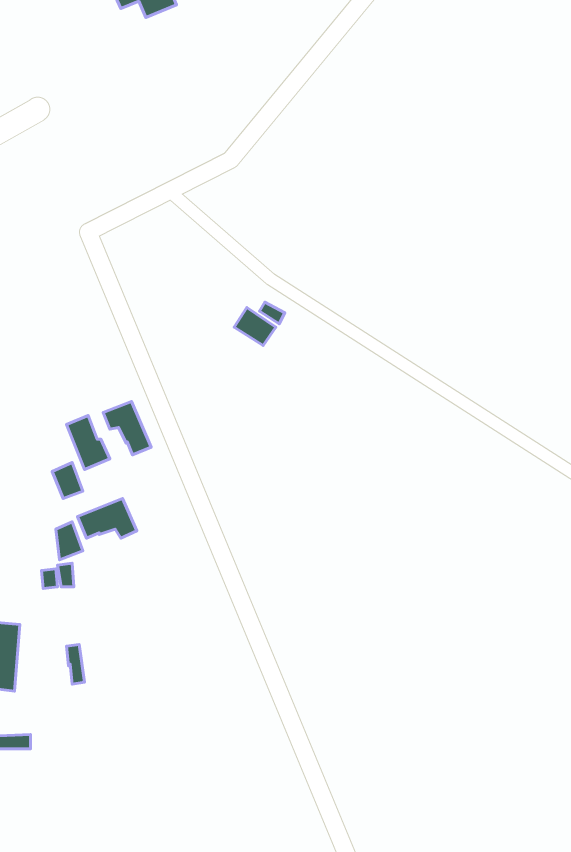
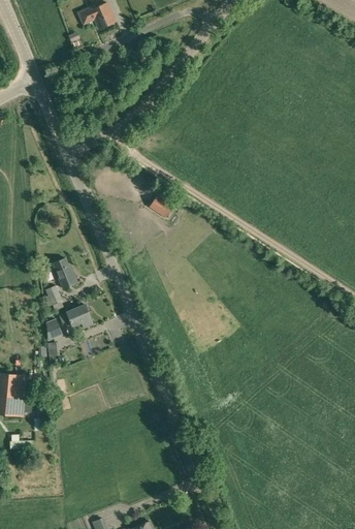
building: [103,402,151,455] -> none

